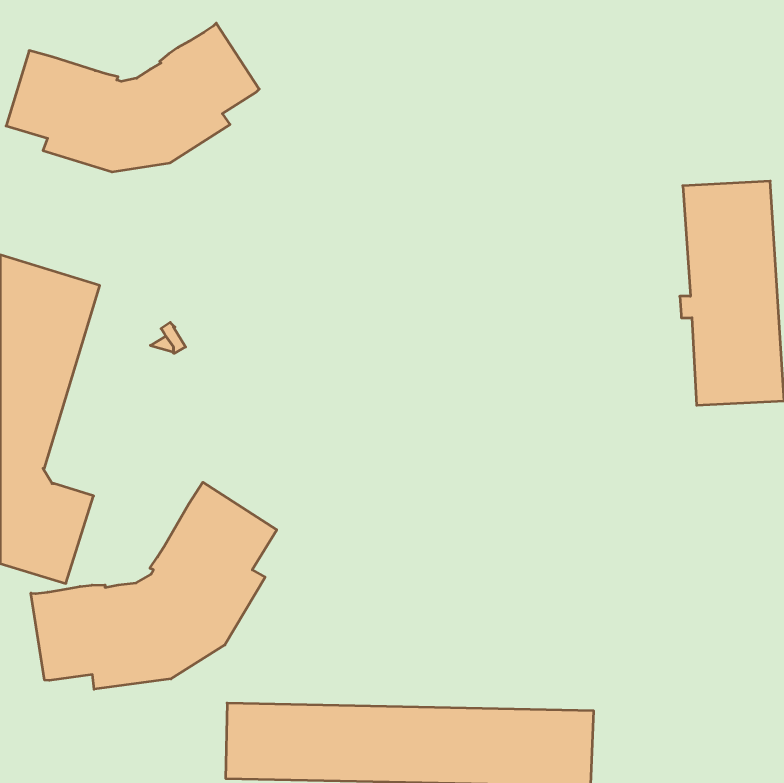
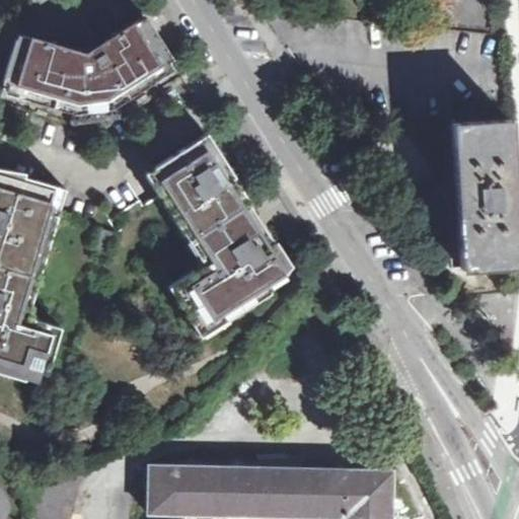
building: none -> [153,135,290,338]
building: [31,482,277,689] -> none

